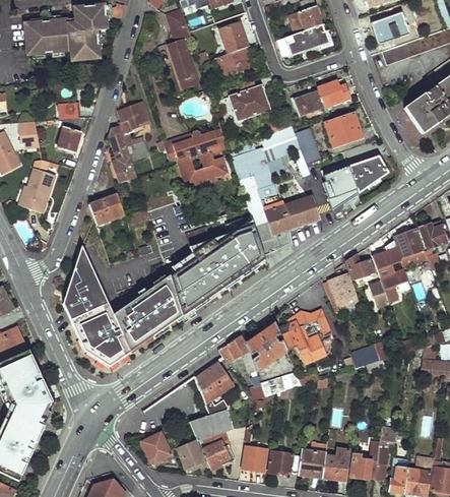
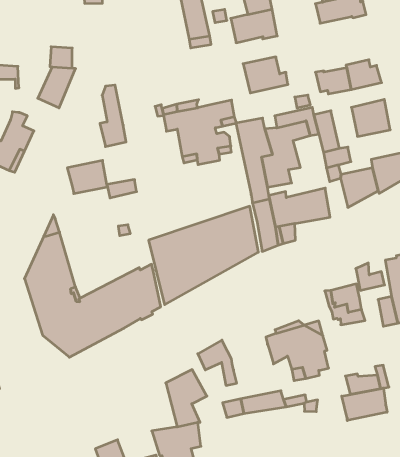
building: [118,101,150,161] -> none
building: [245,324,285,373] -> none
building: none -> [342,388,387,421]

